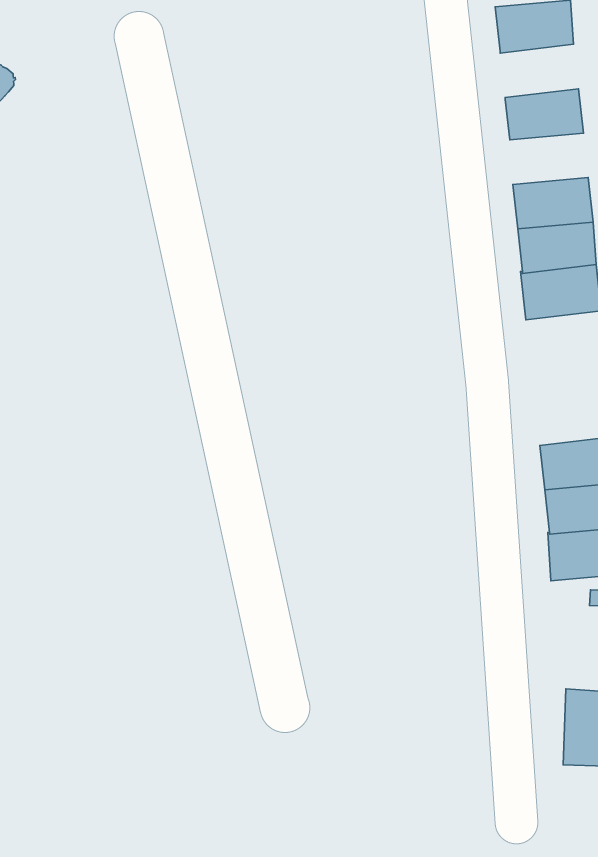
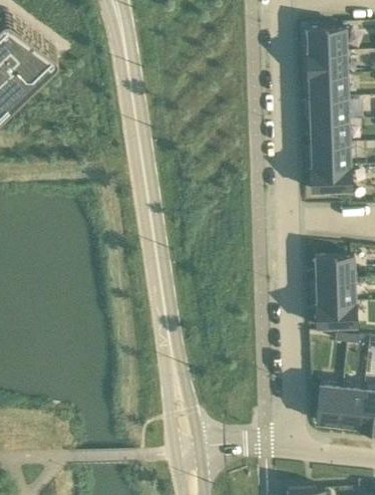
building: none -> [307,54,347,80]
building: none -> [310,100,349,125]

